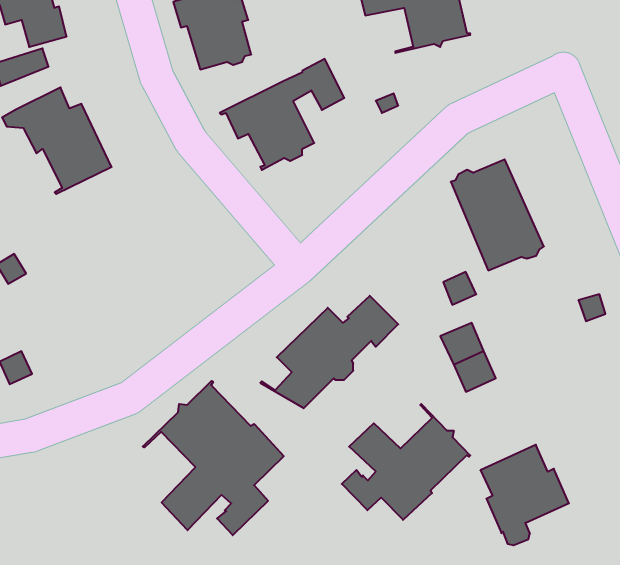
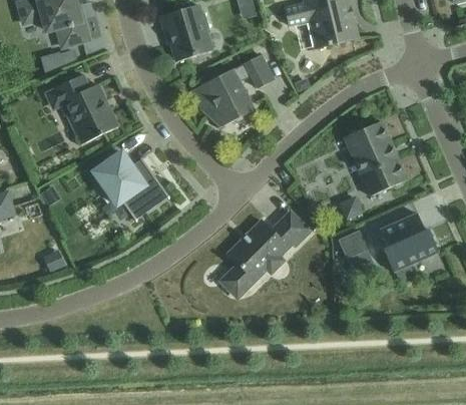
building: none -> [93,152,168,221]
building: [143,381,284,535] -> none
building: [342,404,470,520] -> none
building: [480,445,569,545] -> [379,213,438,280]

